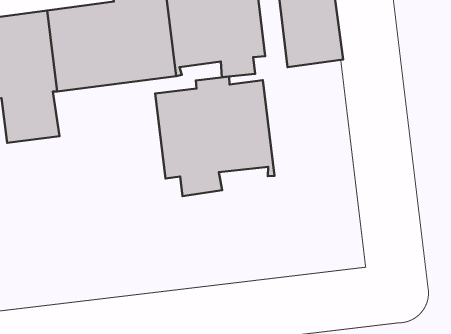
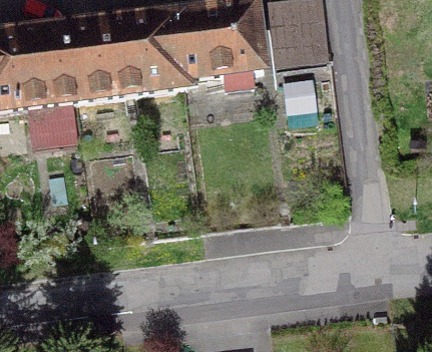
building: [155,76,275,196] -> none

